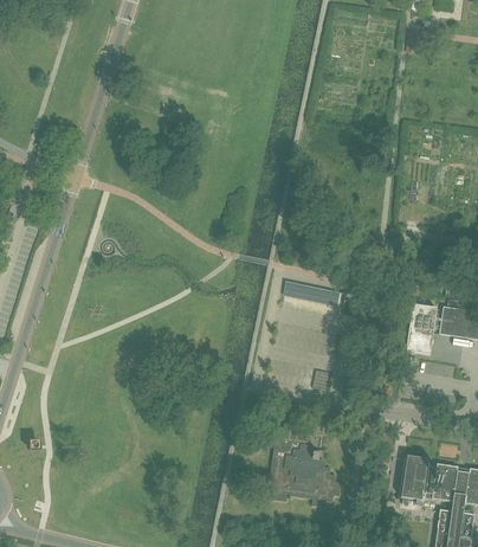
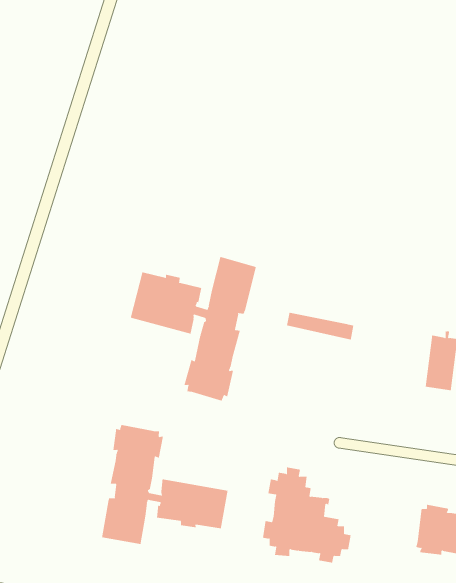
building: none -> [130,256,257,402]
building: none -> [101,424,228,545]

